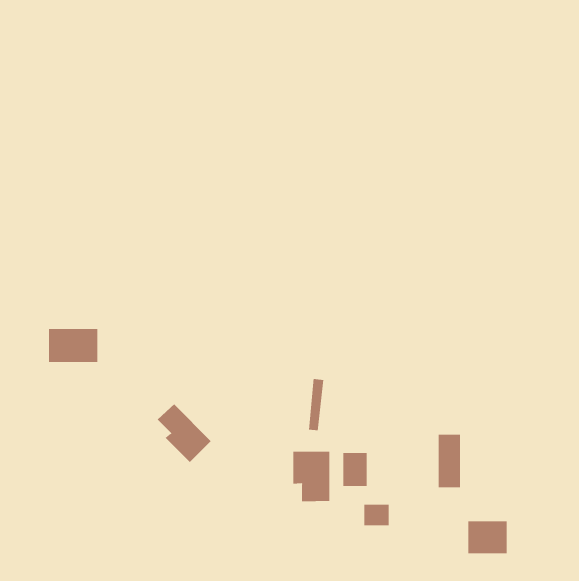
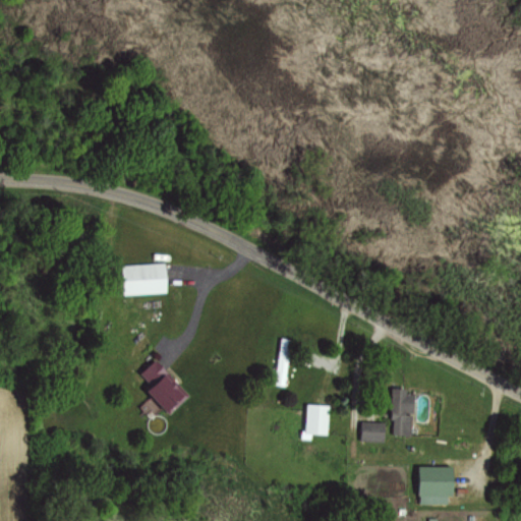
building: [48,328,98,363] -> [122,264,167,294]
building: [293,451,330,502] -> none
building: [363,504,390,526] -> [361,422,385,442]

